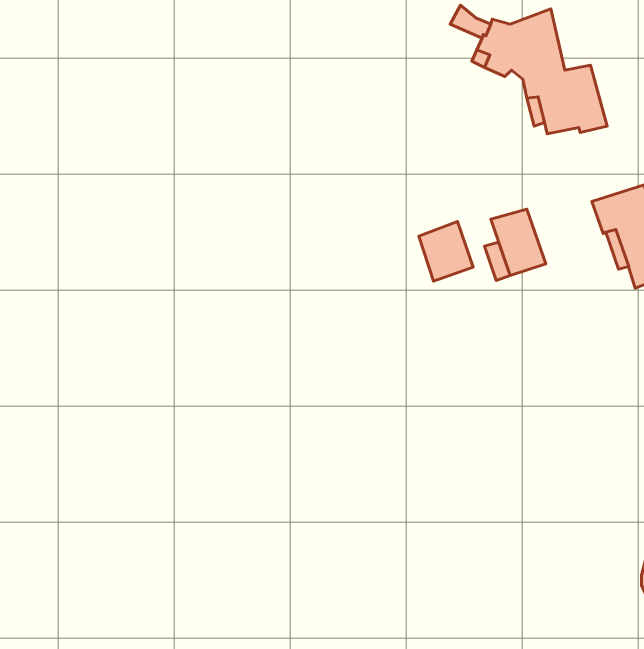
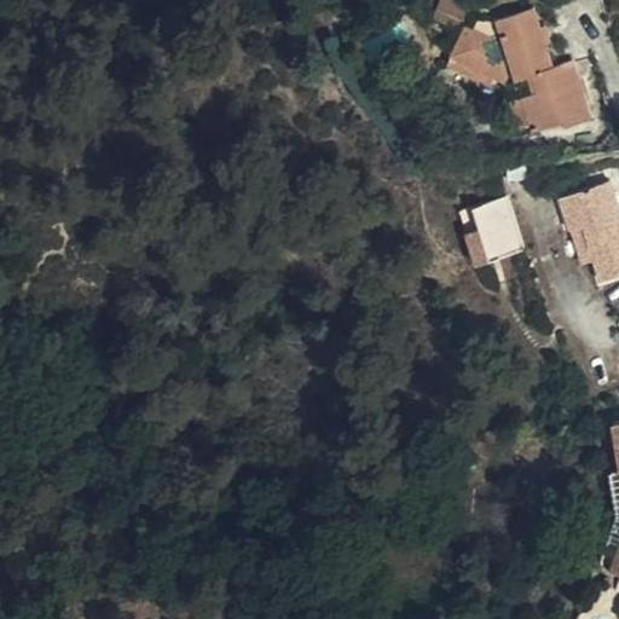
building: [419,221,473,281] -> none

